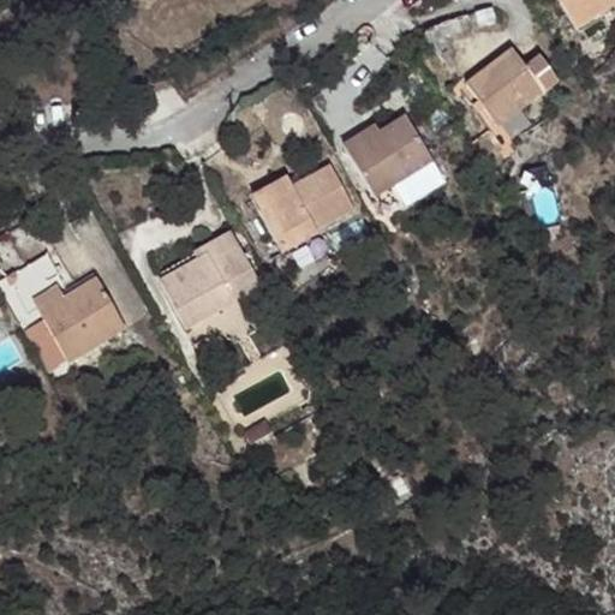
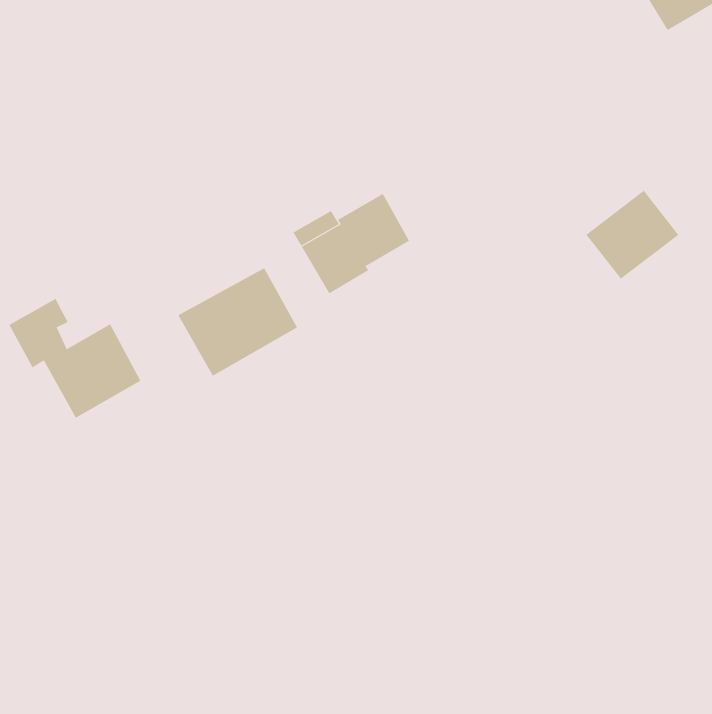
building: [459,48,539,125] -> [585,190,679,279]
building: [346,117,434,195] -> none

